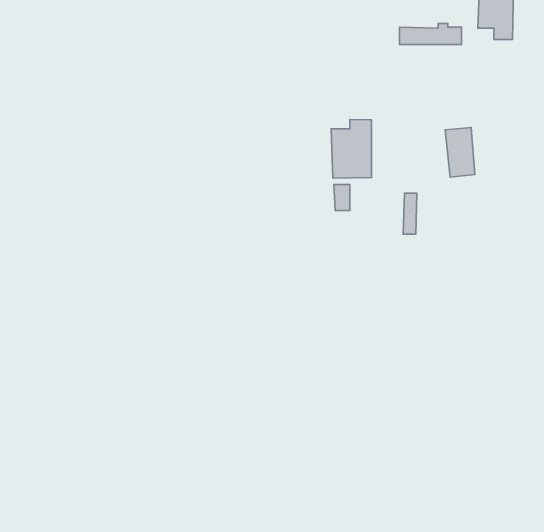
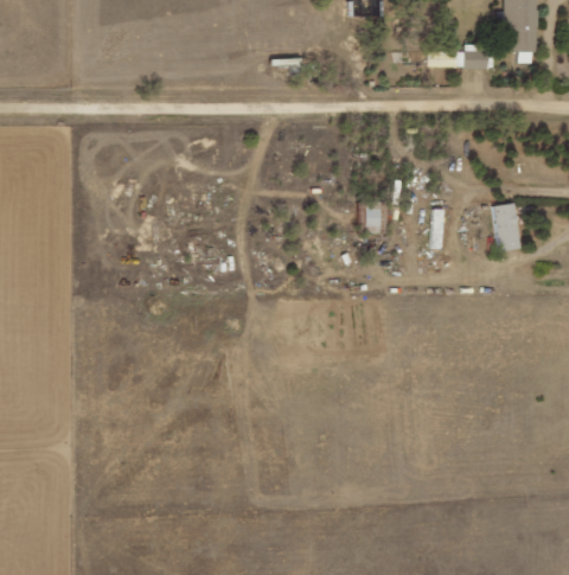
building: [331,120,371,178] -> none
building: [445,128,475,177] -> [492,203,520,250]

